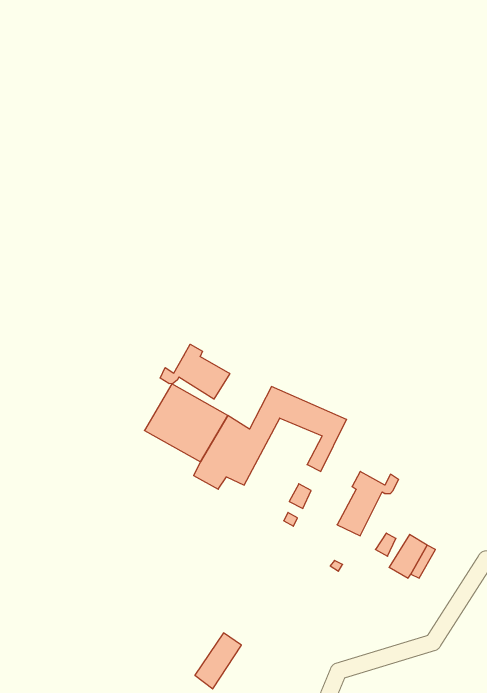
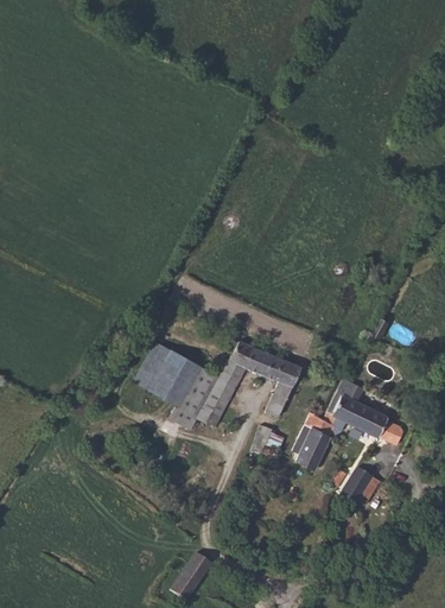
building: [160,344,230,399] -> none
building: none -> [331,394,402,445]

